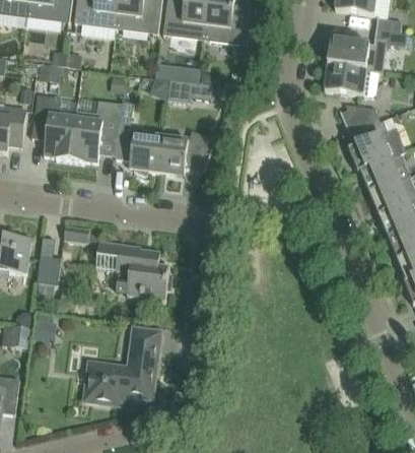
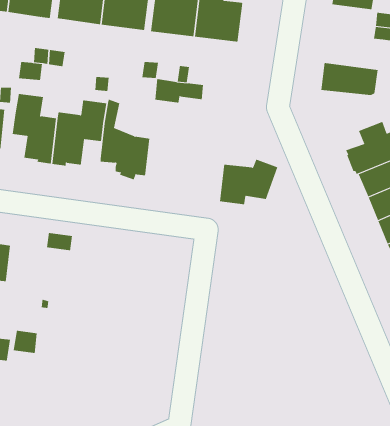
building: [327,38,382,70] -> none
building: [340,104,379,133] -> none
building: [158,130,214,174] -> [219,159,278,205]
building: [95,239,169,300] -> none
building: [36,254,61,283] -> none
building: [84,325,160,401] -> none

